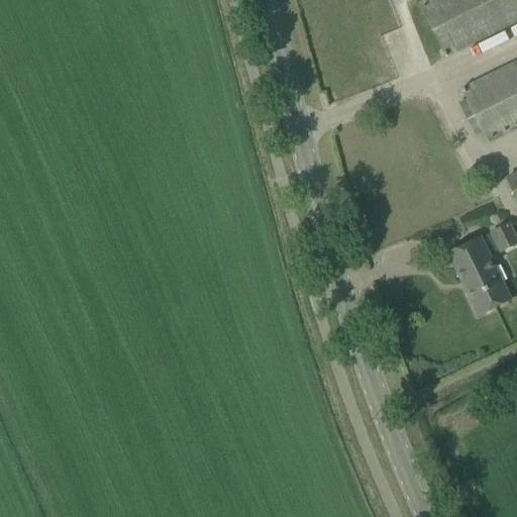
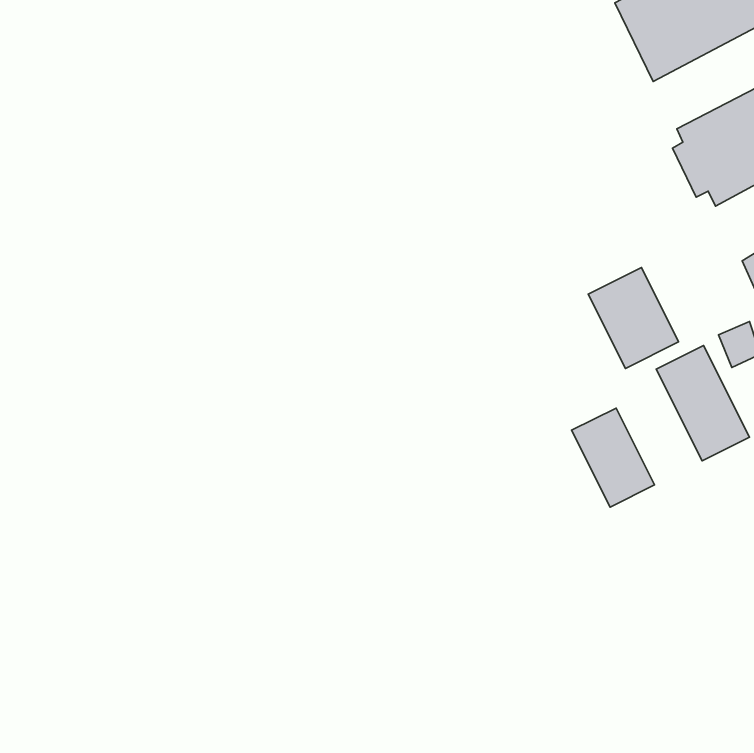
building: none -> [588,267,679,368]
building: none -> [572,408,654,507]

